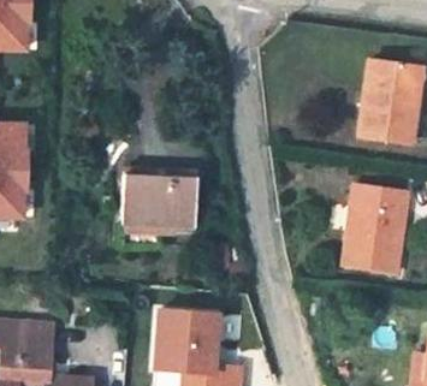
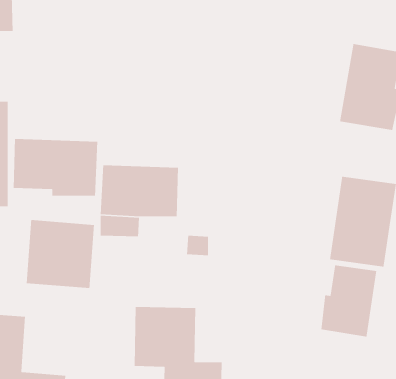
building: none -> [13,138,98,196]
building: none -> [26,219,95,289]
building: none -> [320,264,377,337]

